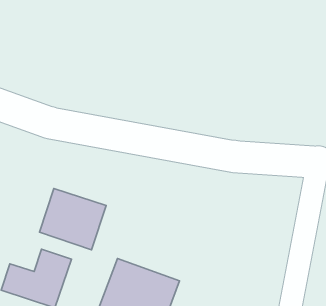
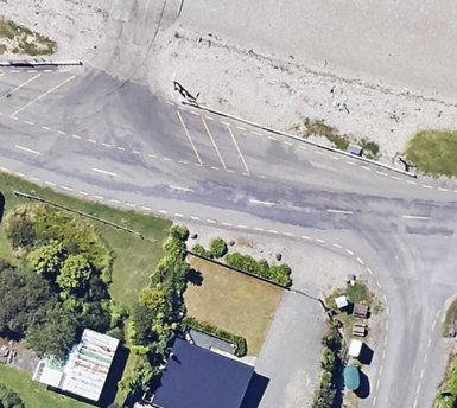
building: [39,189,106,250] -> none

